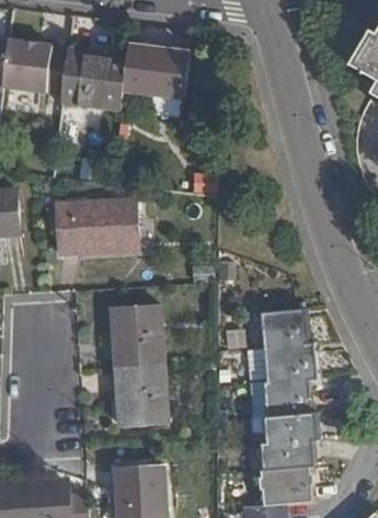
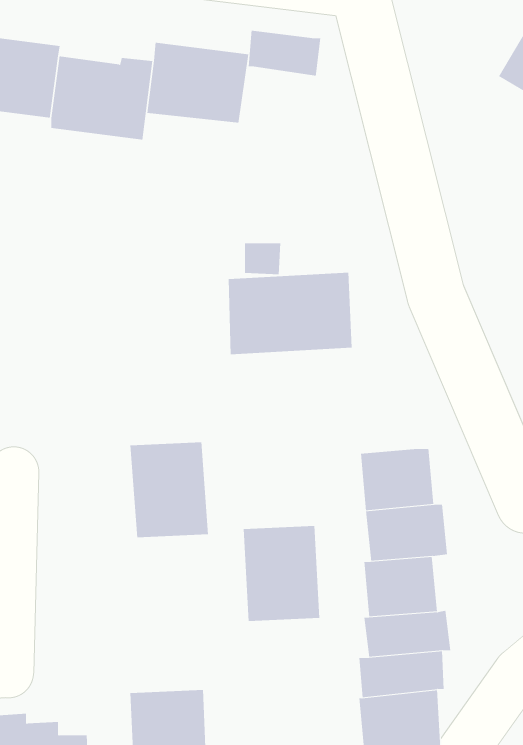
building: none -> [248,30,321,77]
building: [55,200,136,254] -> [228,272,353,355]
building: [116,365,167,427] -> [243,526,320,622]

